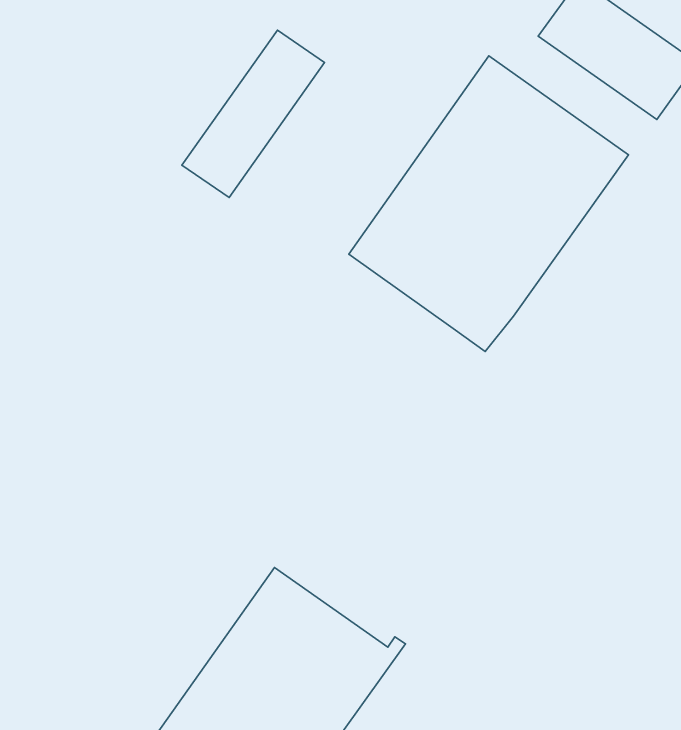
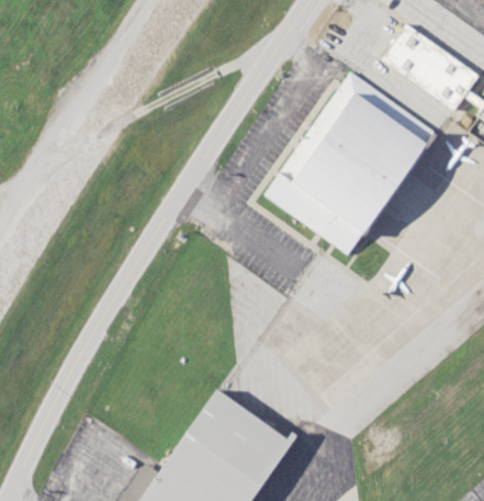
building: [182,30,325,197] -> none

